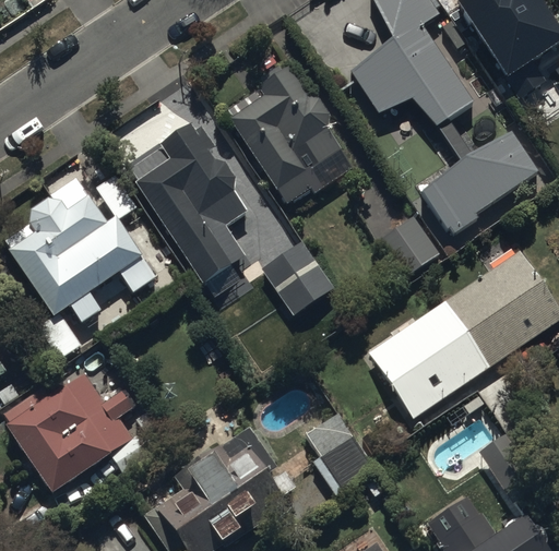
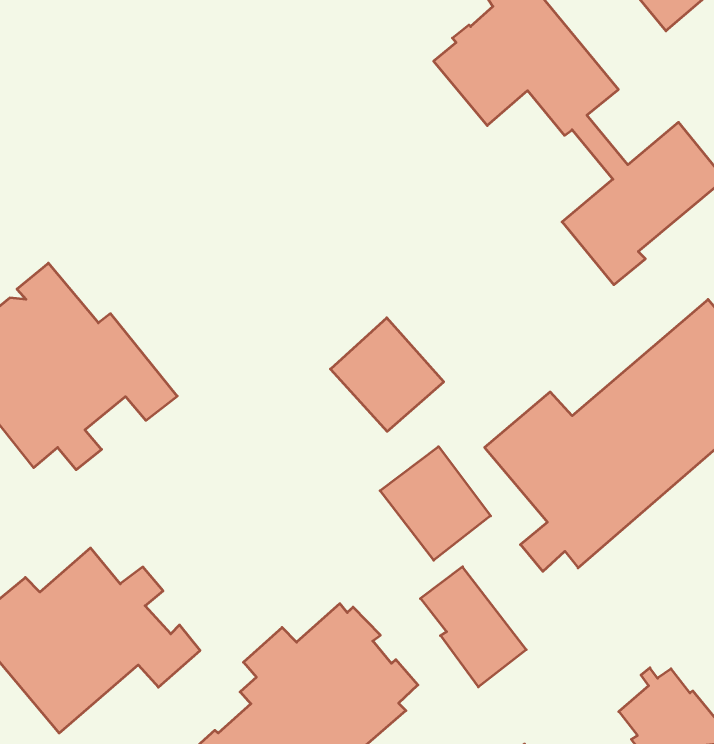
building: [225,65,354,203] -> none
building: [126,127,249,286] -> none
building: [374,216,440,279] -> none
building: none -> [380,447,491,560]

